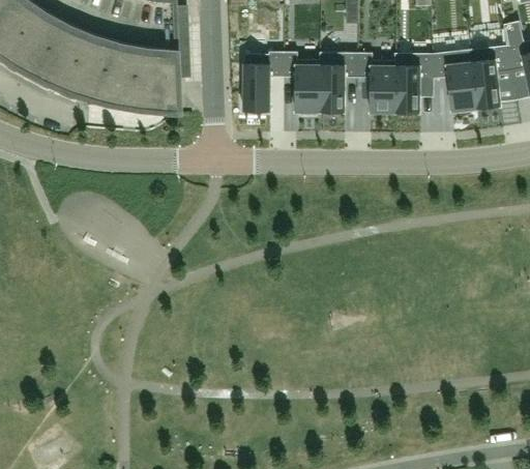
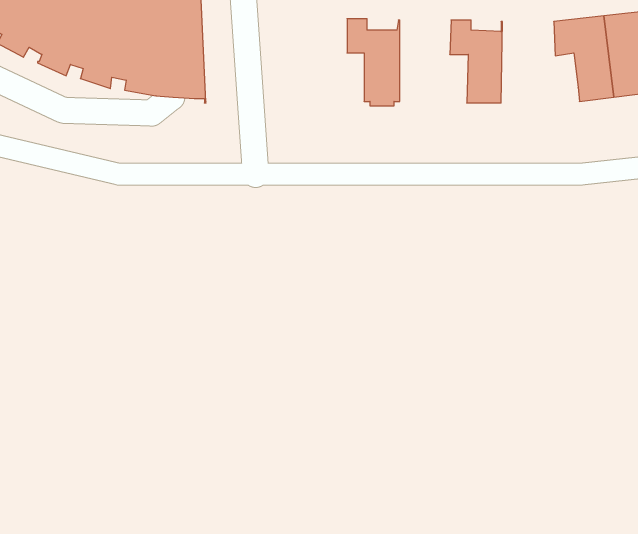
building: [242,53,282,113] -> none
building: [320,54,357,113] -> none
building: [393,55,433,114] -> none

